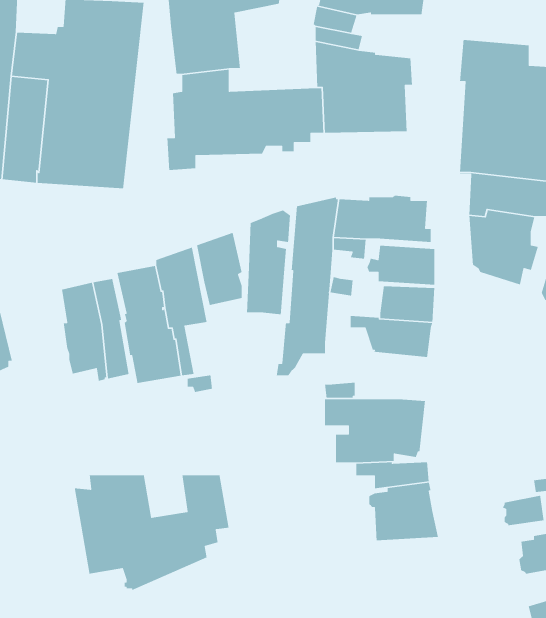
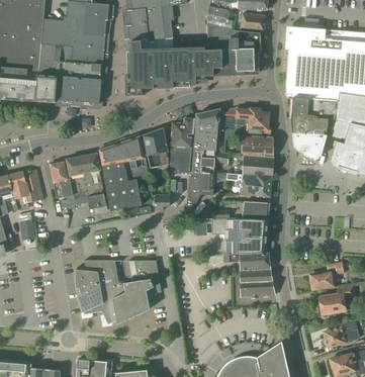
building: none -> [241,12,266,31]
building: none -> [50,161,73,196]
building: none -> [243,201,269,219]

